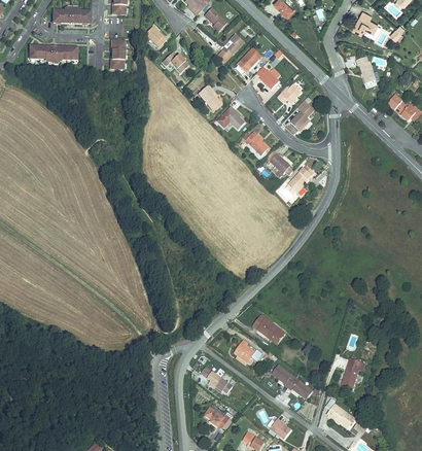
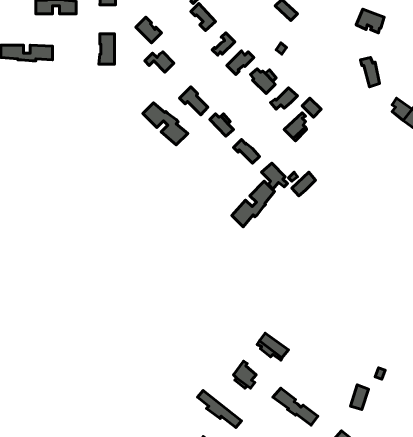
building: none -> [143,103,188,145]
building: none -> [232,181,275,227]

